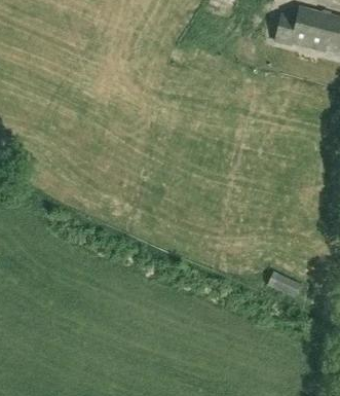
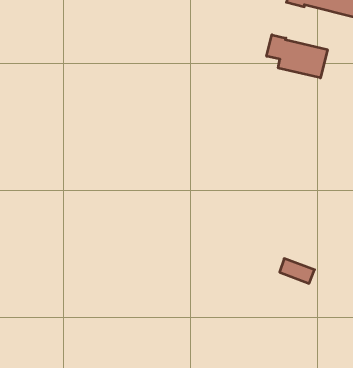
building: none -> [267,35,327,78]

